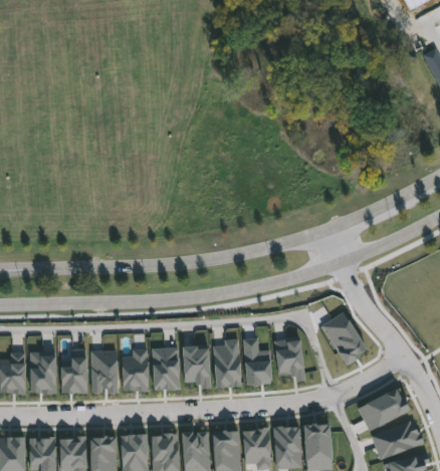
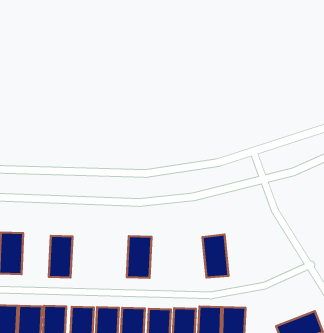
building: [322,313,371,369] -> none
building: [244,338,271,389] -> none
building: [214,342,241,392] -> none
building: [153,346,180,397] -> none
building: [59,347,87,398] -> none
building: [122,347,149,398] -> none
building: [356,384,411,428] -> none

